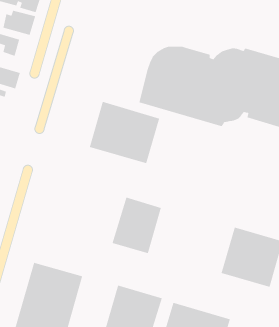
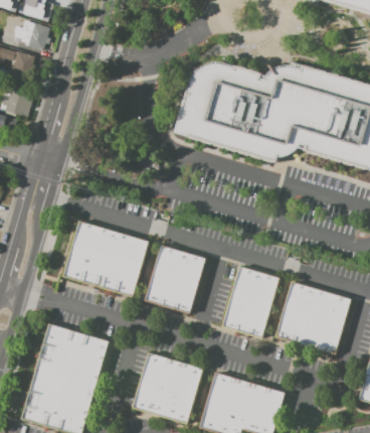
building: [89,101,160,164] -> [61,221,147,297]
building: none -> [220,266,278,339]

